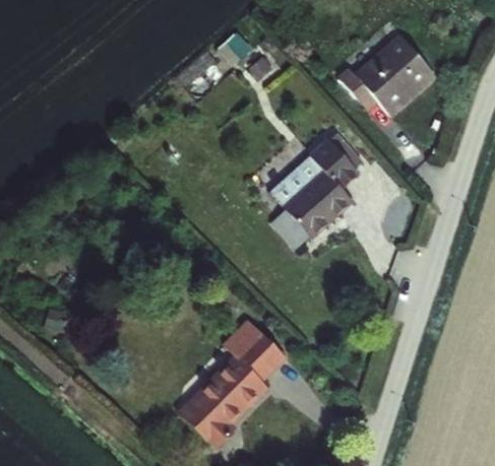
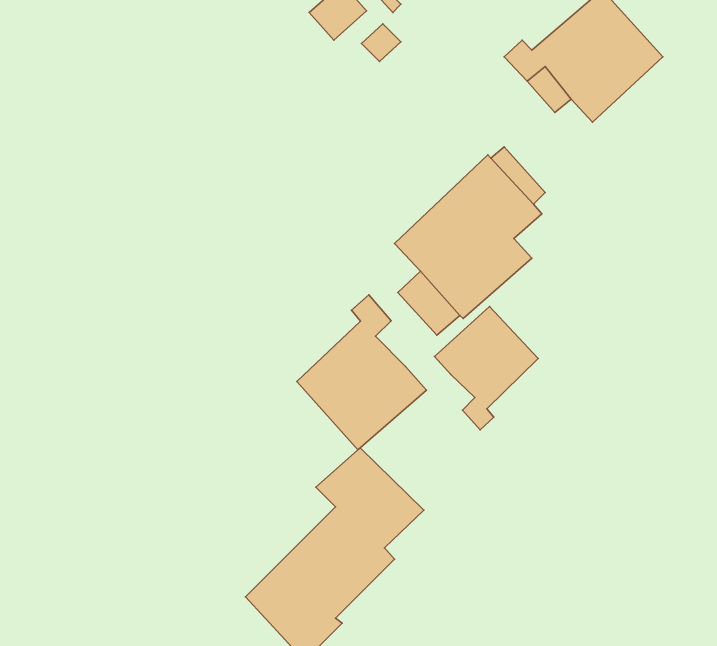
building: none -> [297,295,427,450]
building: none -> [434,306,538,430]

